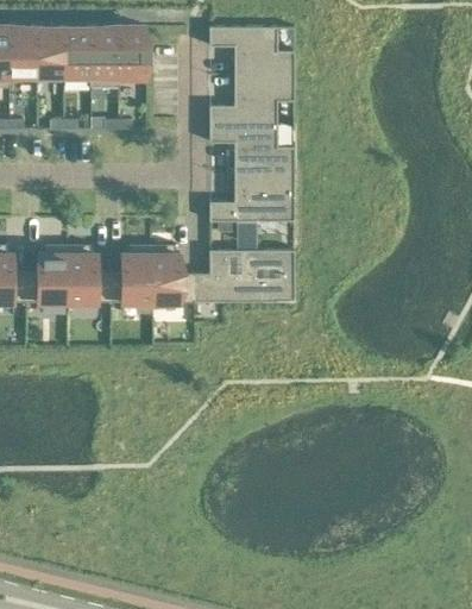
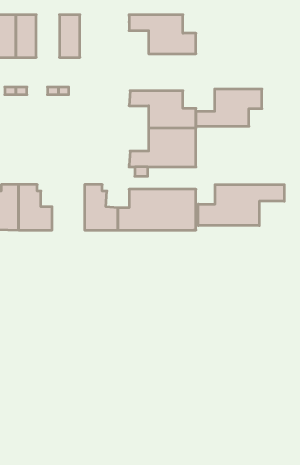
building: [89,27,119,88] -> none
building: [209,77,294,125] -> [196,89,262,126]
building: [109,245,151,303] -> none
building: none -> [198,185,284,226]

